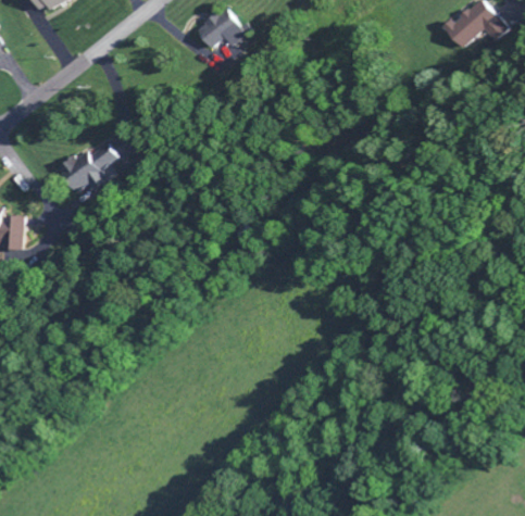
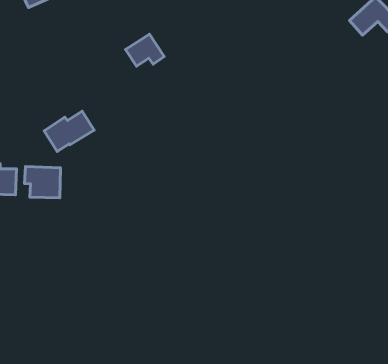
building: [196,8,245,48] -> [125,34,164,66]
building: none -> [24,167,61,198]

